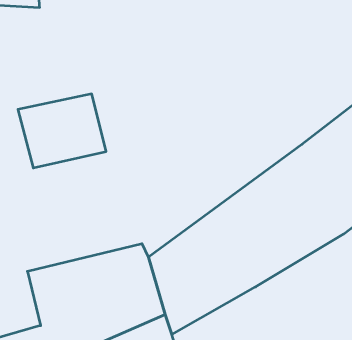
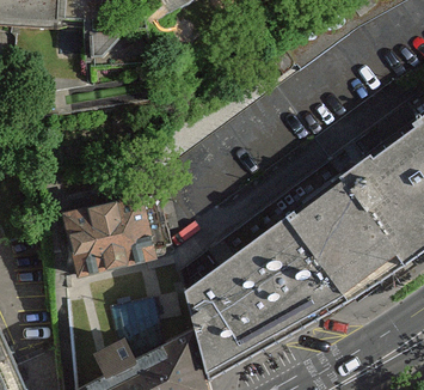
building: [18,94,106,168] -> [67,197,162,278]

